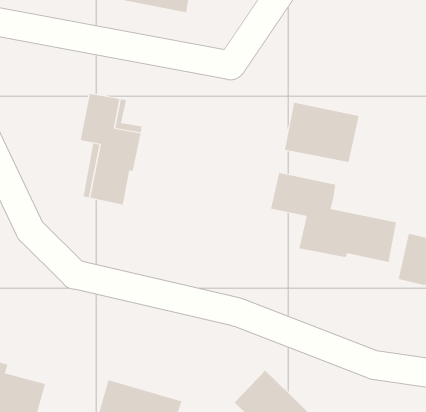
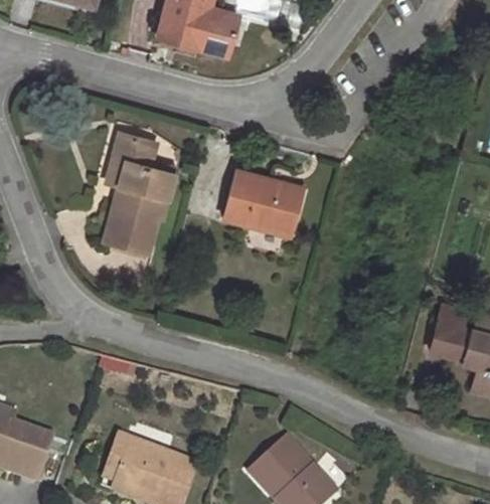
building: [284,102,359,162] -> [223,169,305,236]
building: [271,172,397,263] -> none

